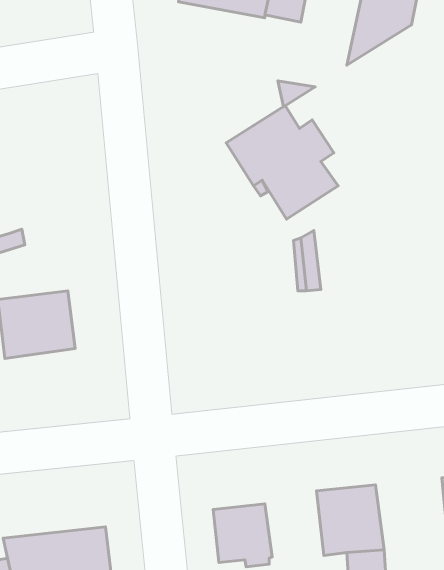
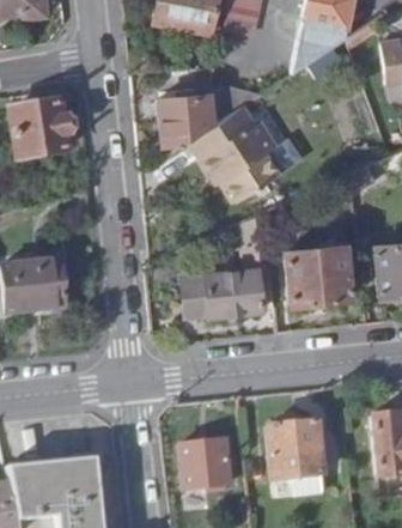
building: none -> [160,87,214,153]
building: none -> [11,101,67,157]
building: none -> [287,242,349,302]
building: none -> [182,266,263,316]

